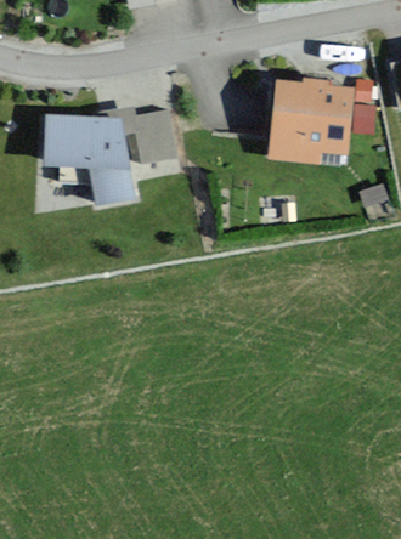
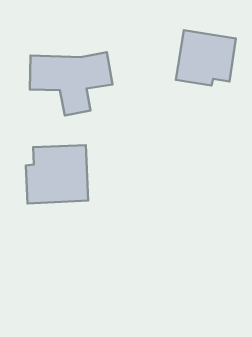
building: none -> [26,145,88,204]

